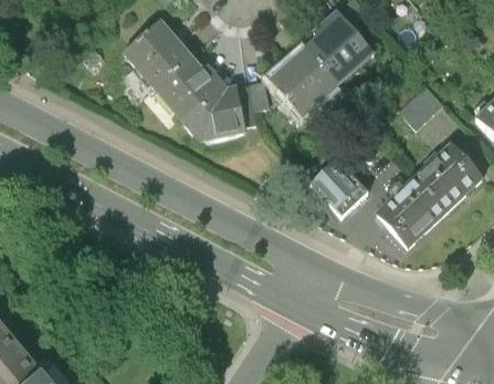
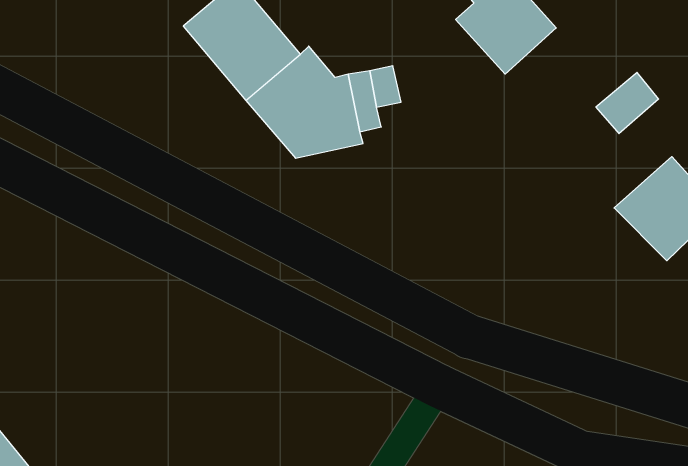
building: [271,49,339,117] -> none
building: [306,156,367,217] -> none
building: [374,175,448,246] -> none

